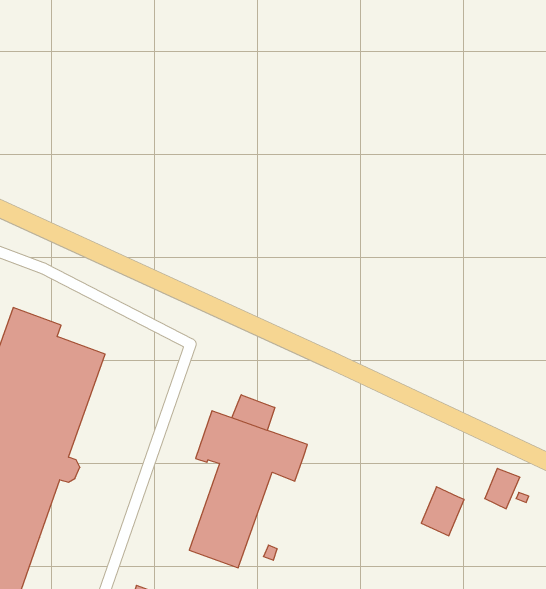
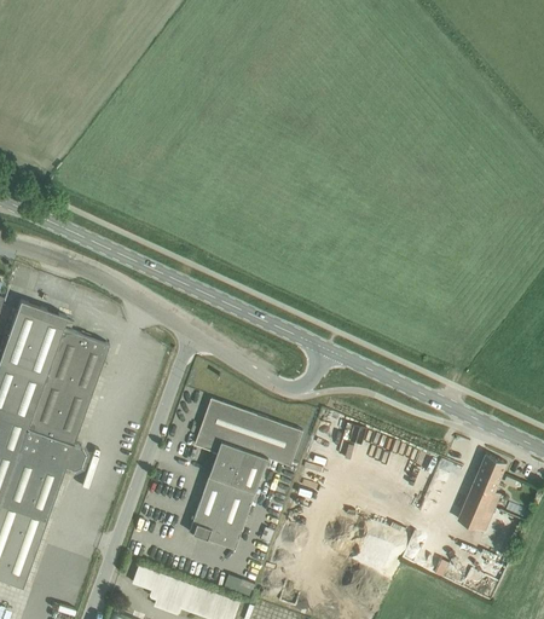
building: [232,395,275,430] -> none
building: [421,487,464,536] -> [459,485,500,532]

